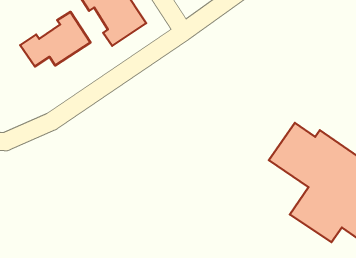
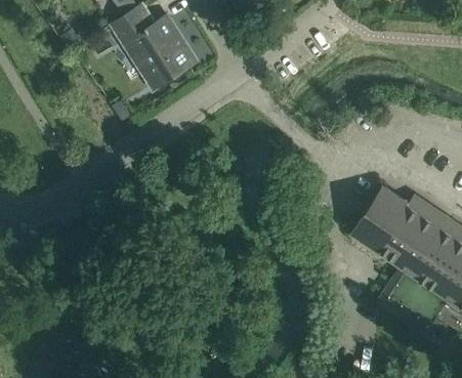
building: [20,12,90,66] -> none

